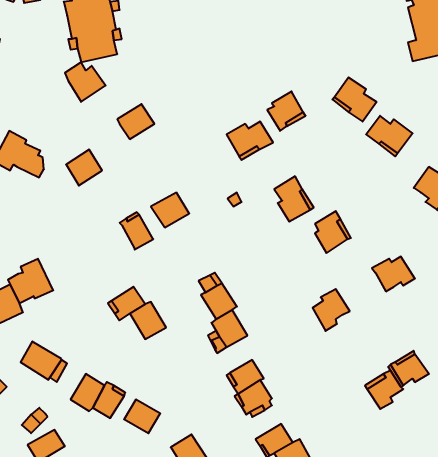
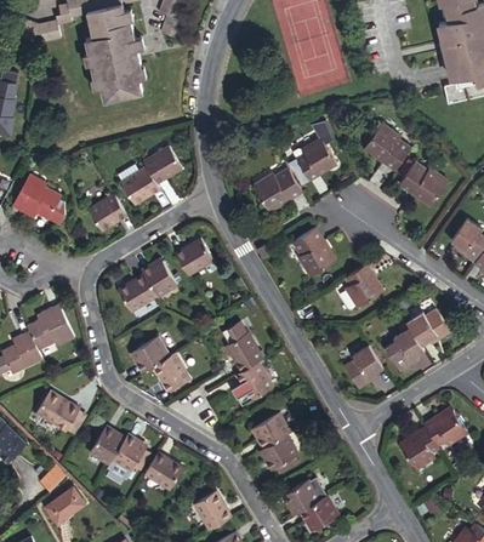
building: [65,62,106,102] -> [114,166,156,207]
building: none -> [119,275,158,315]
building: none -> [385,325,423,369]

